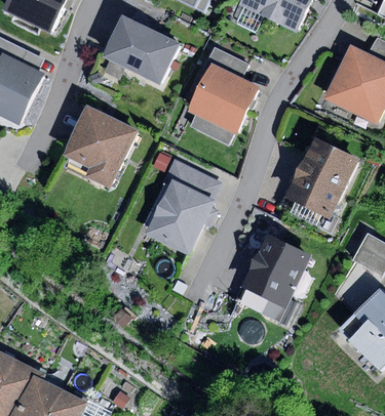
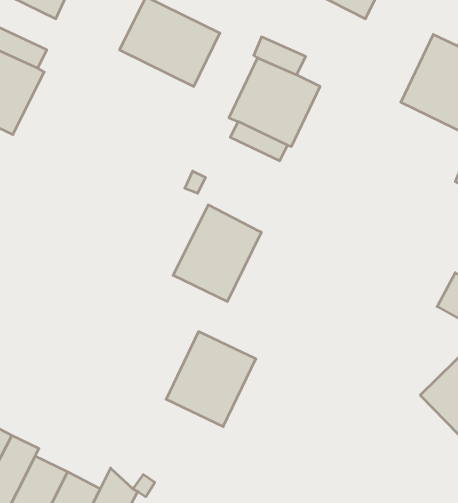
building: [63,107,136,189] -> none
building: [284,136,358,219] -> none
building: [163,159,220,200] -> none
building: [240,233,311,307] -> [166,332,256,427]

